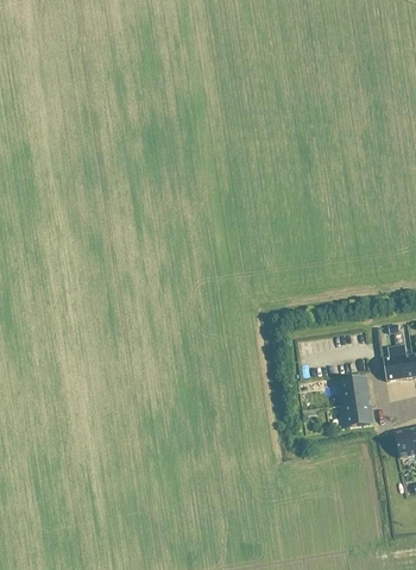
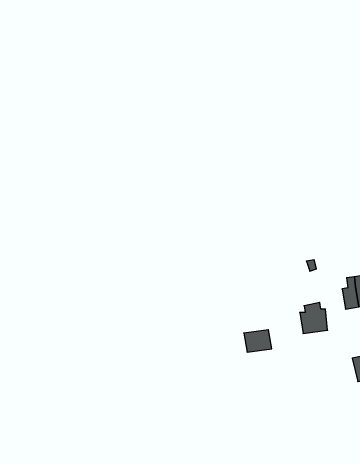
building: [341,401,371,425] -> [244,330,272,352]

